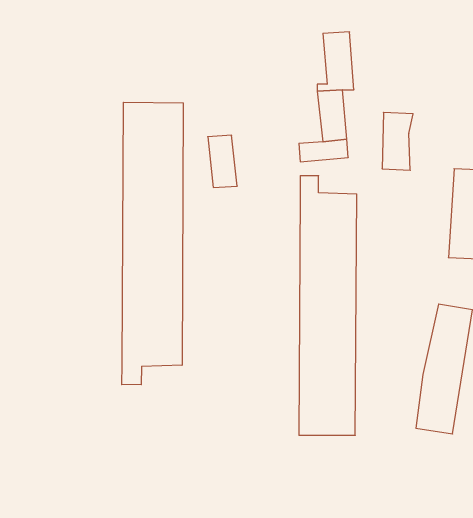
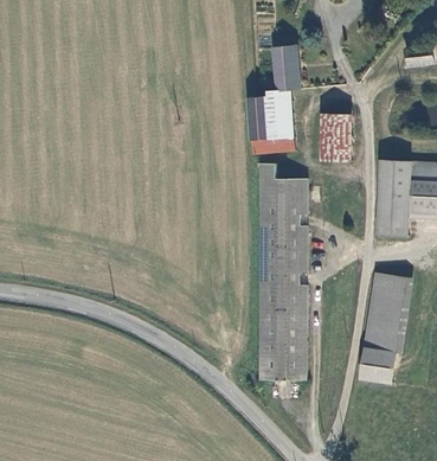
building: [122,102,183,385] -> none
building: [208,135,237,187] -> [253,95,278,139]

